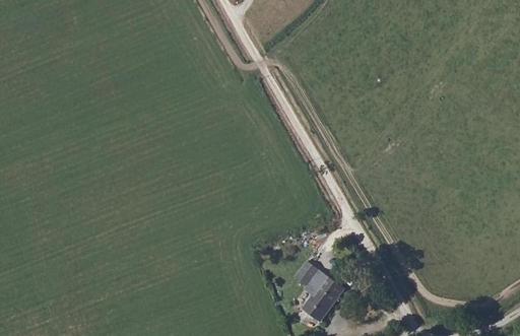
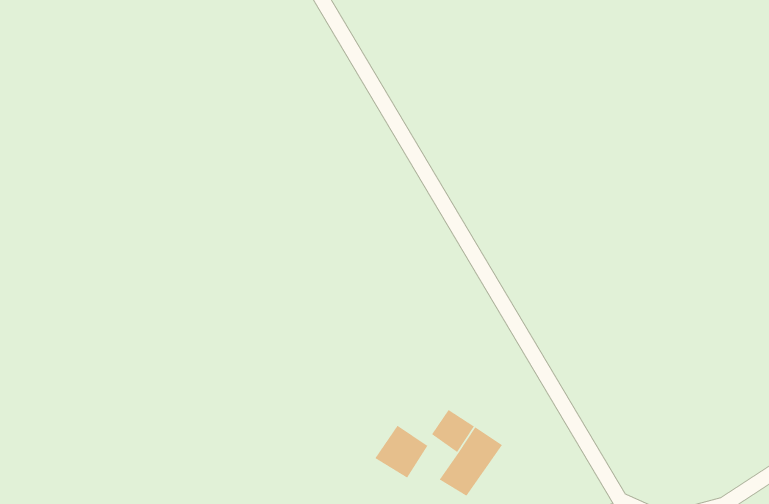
building: none -> [374,425,428,479]

